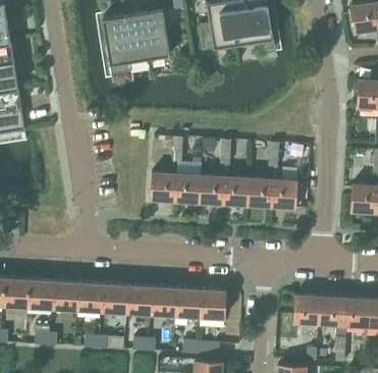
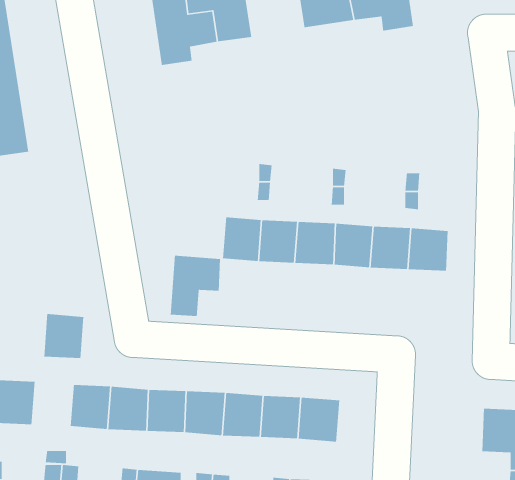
building: none -> [170,255,221,317]
building: [28,278,54,308] -> [43,313,84,359]
building: [293,295,320,324] -> none

